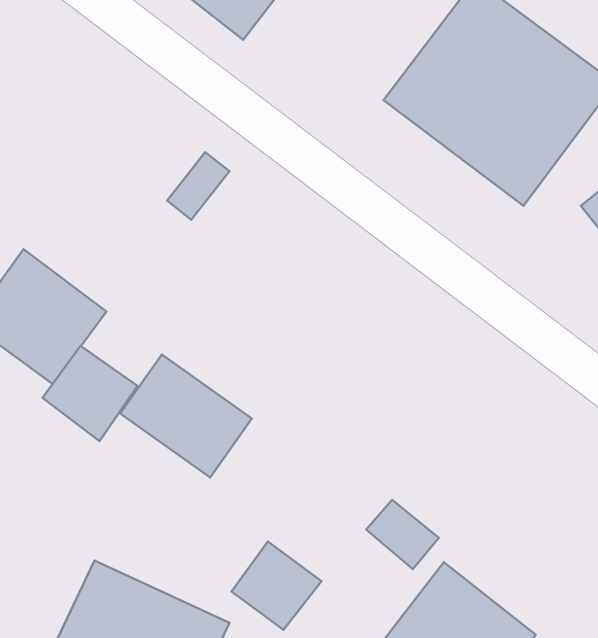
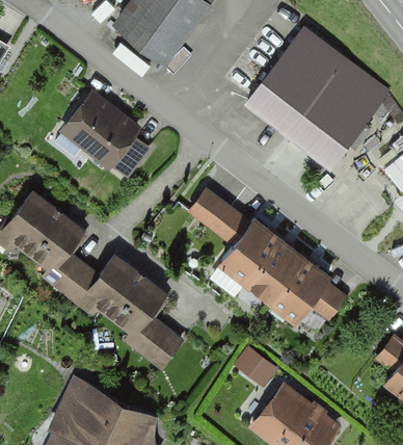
building: none -> [55,90,139,174]
building: none -> [188,190,241,242]
building: none -> [220,225,323,319]
building: none -> [310,283,349,323]
building: [232,541,322,630] -> [132,317,186,370]

